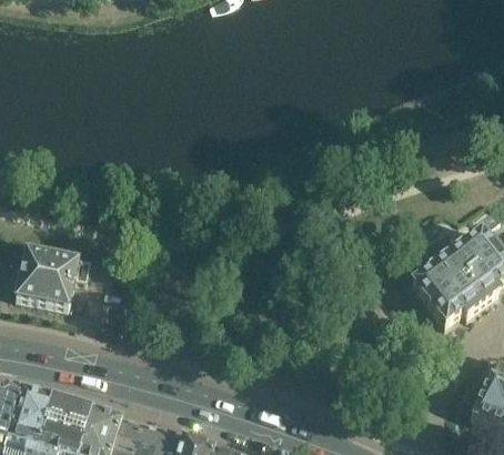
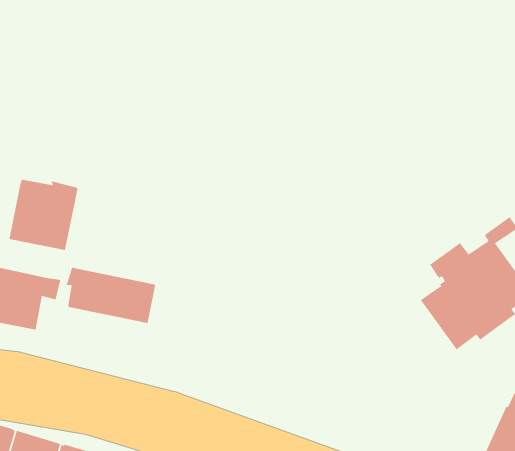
building: none -> [9,179,79,251]
building: none -> [65,267,156,324]

